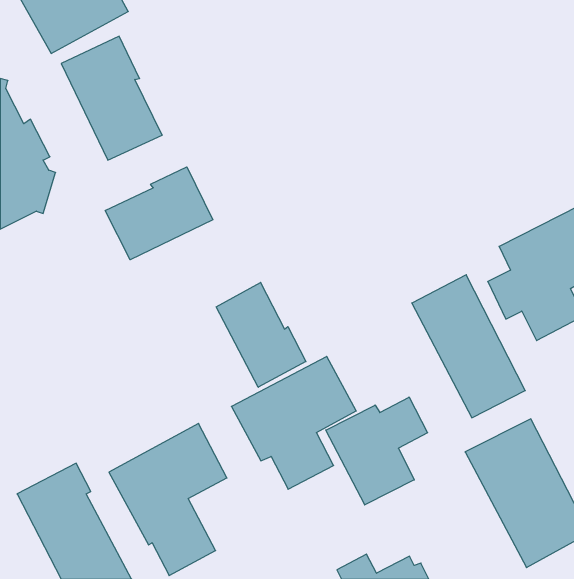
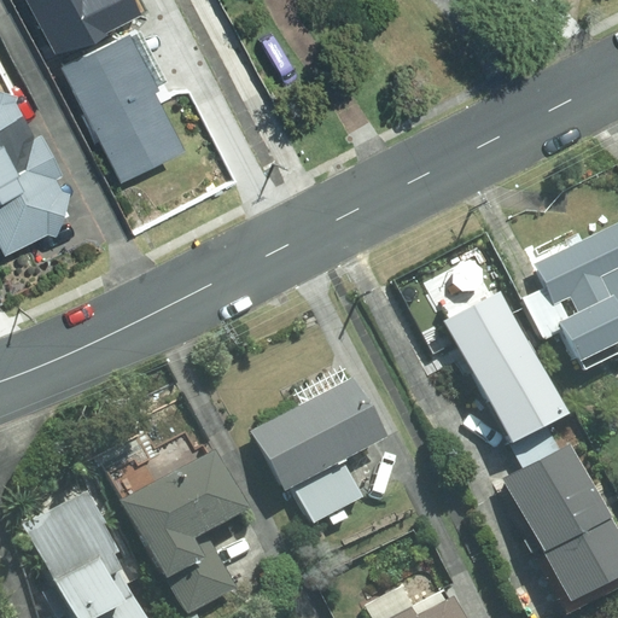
building: [105,167,213,260] -> none
building: [216,282,306,387] -> none
building: [326,397,428,505] -> none

